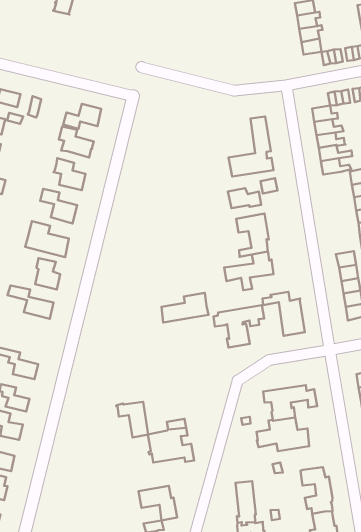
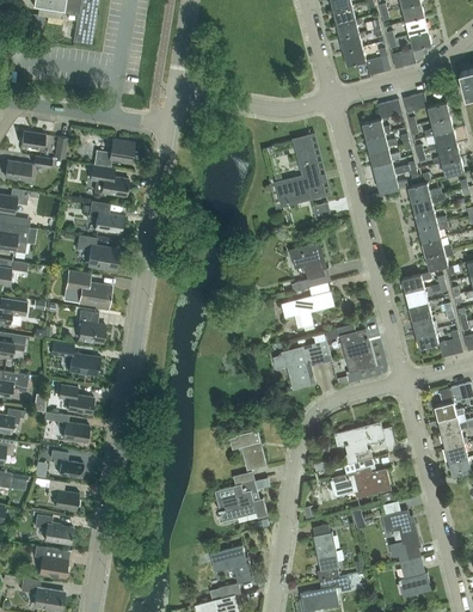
building: [228,188,261,208] -> none
building: [161,293,208,322] -> none
building: none -> [57,385,92,414]
building: [116,402,148,437] -> [228,430,265,470]

